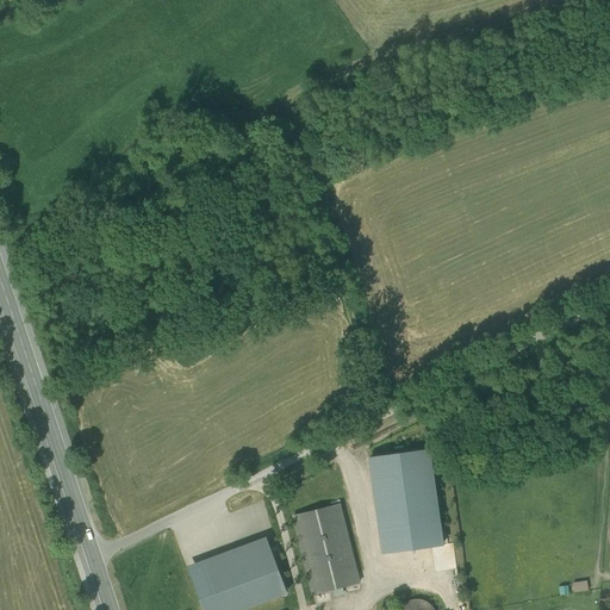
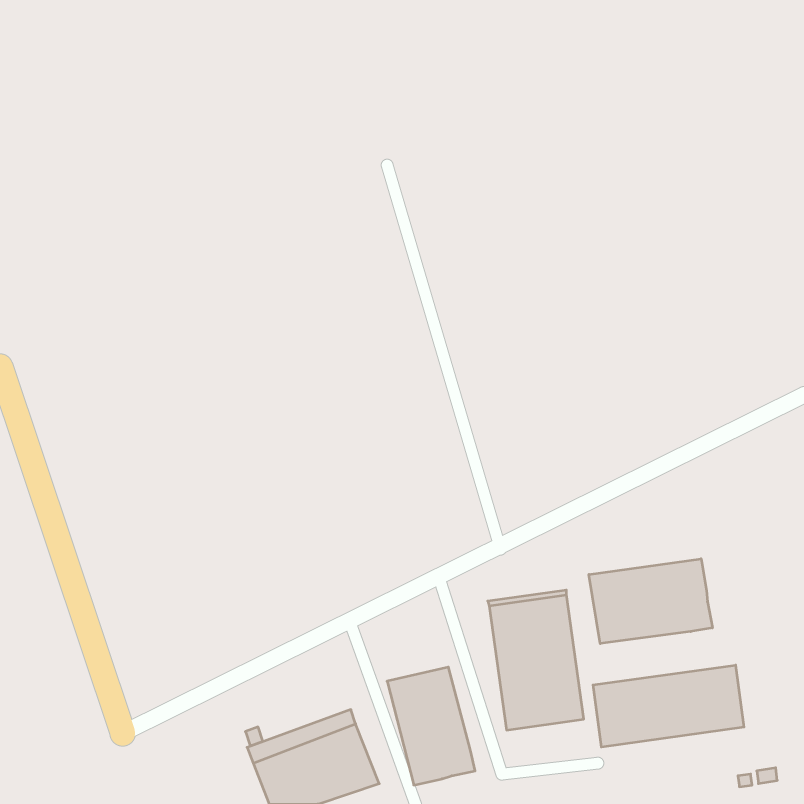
building: none -> [589,559,712,644]
building: none -> [593,665,744,747]

